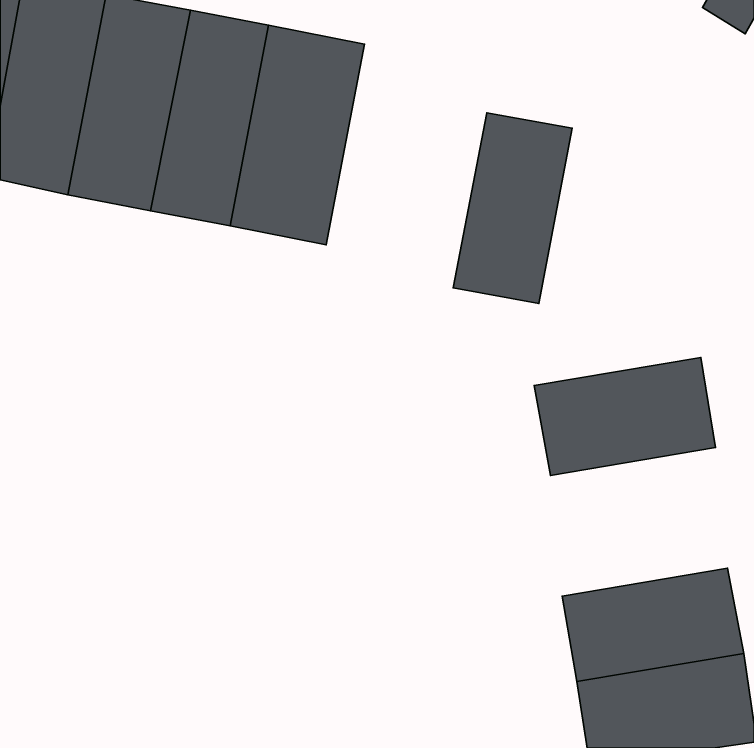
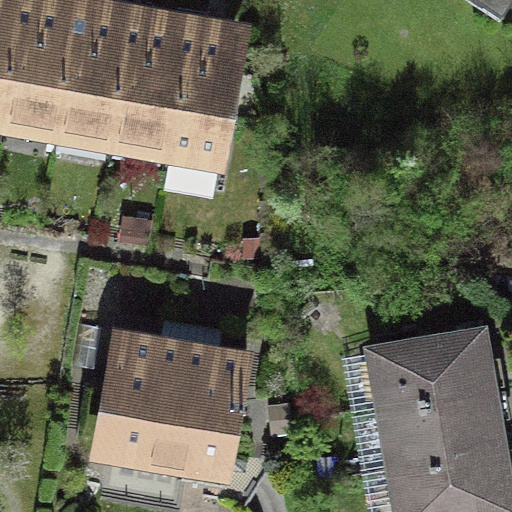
building: [453,113,572,303] -> none
building: [534,358,716,476] -> [370,324,493,404]
building: none -> [91,333,249,484]

